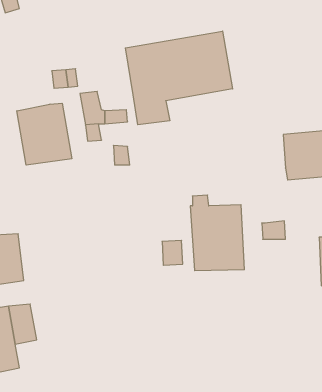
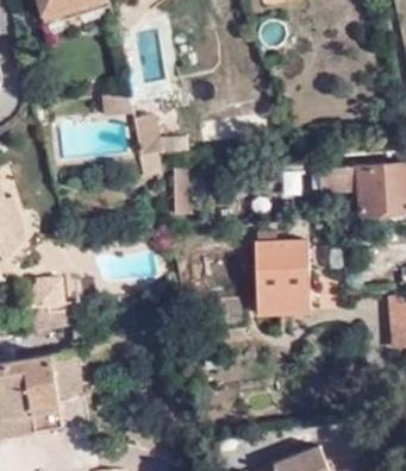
building: [125,31,233,125] -> none
building: [17,103,72,165] -> none

